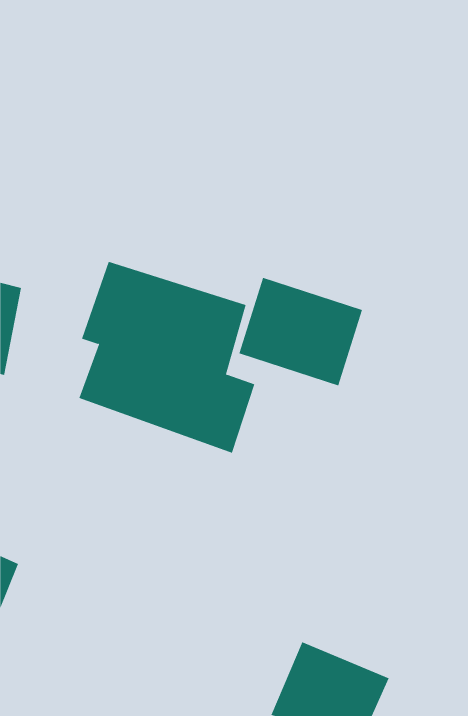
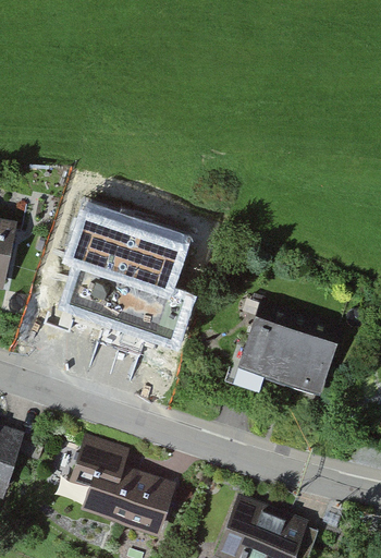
building: [239,277,363,386] -> [233,310,329,393]
building: none -> [75,436,179,533]

